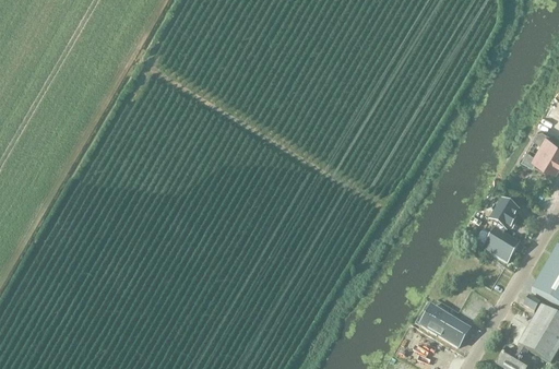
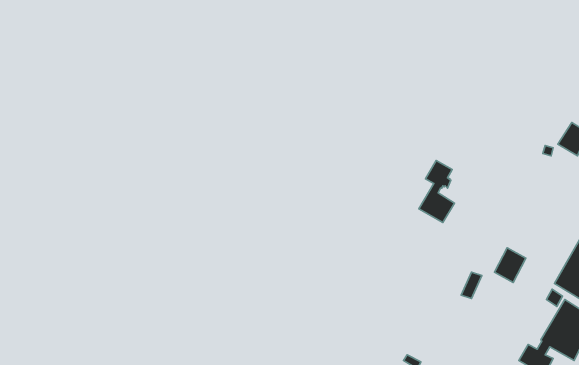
building: [485,201,519,260] -> [419,160,454,223]
building: [420,305,469,345] -> none

